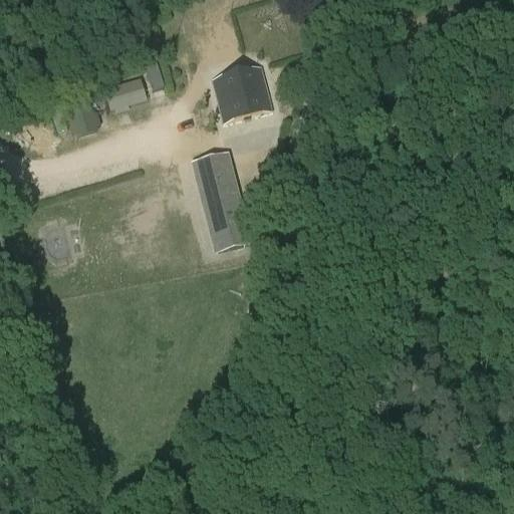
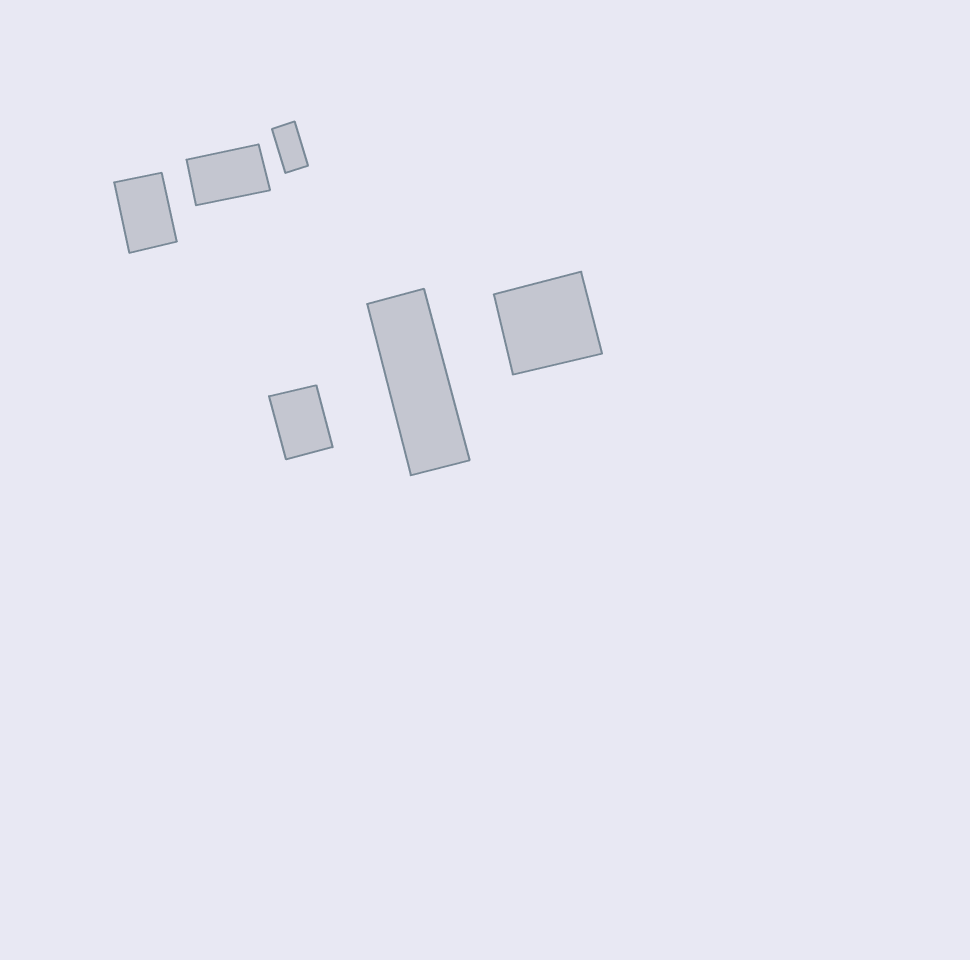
building: [214,66,271,120] -> [494,272,602,374]
building: none -> [269,385,333,459]

